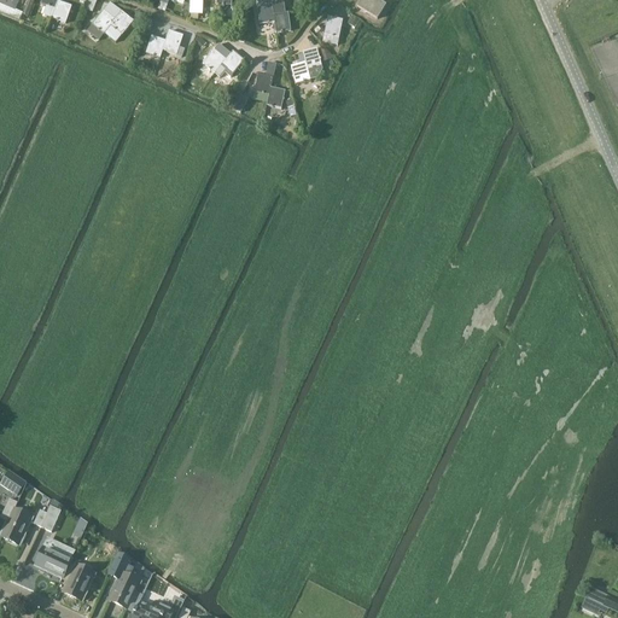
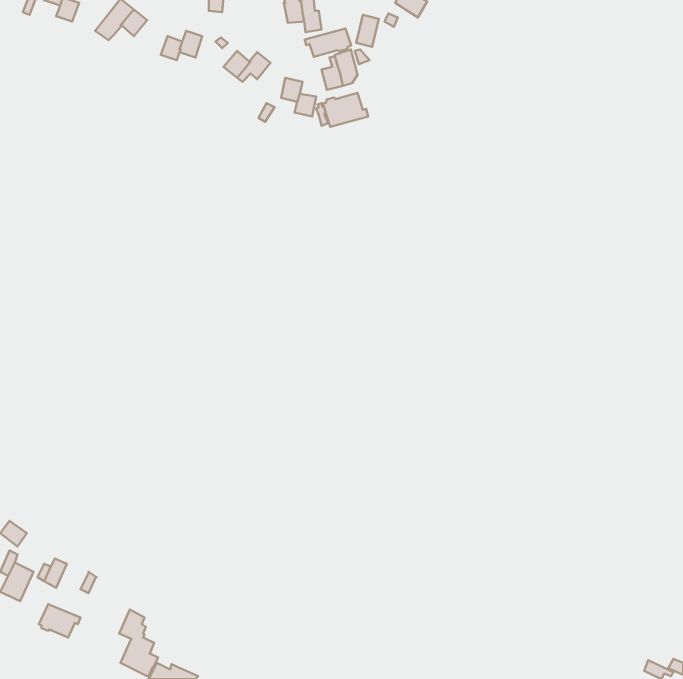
building: none -> [305,28,351,57]
building: none -> [323,93,368,127]
building: [62,561,93,597] -> none

